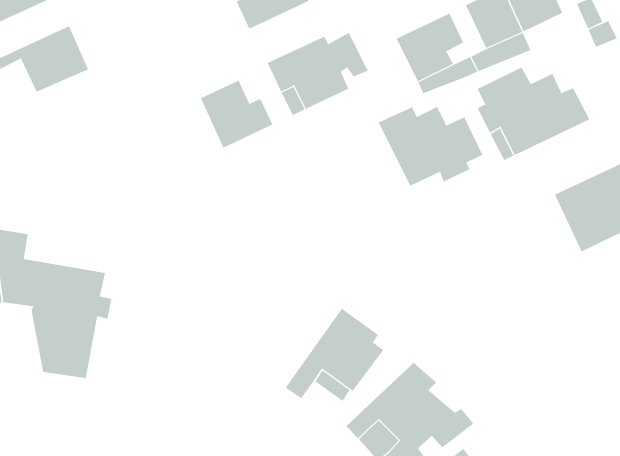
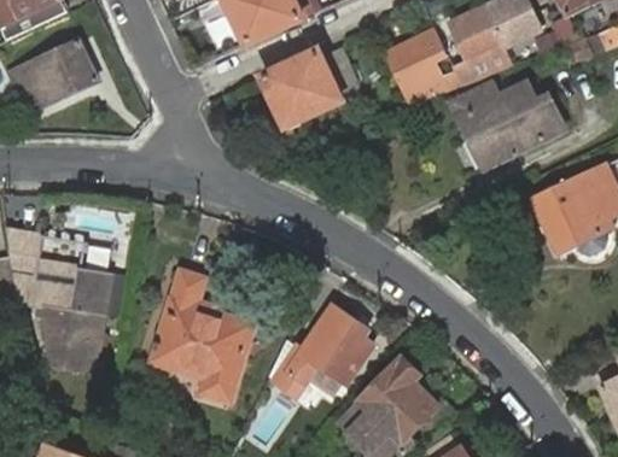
building: [200,80,273,148] -> none
building: [378,106,483,187] -> none
building: none -> [150,271,250,402]

